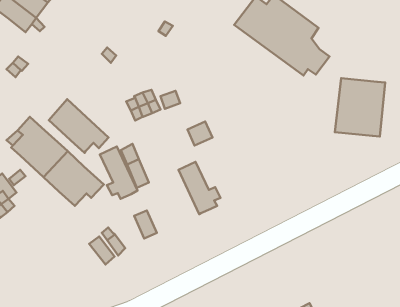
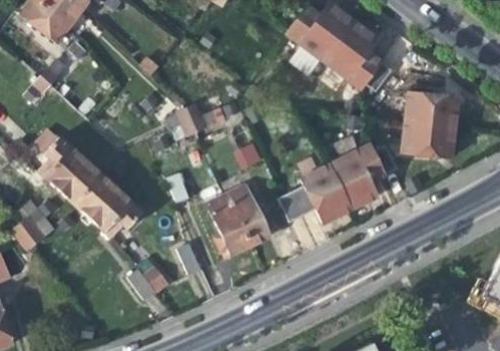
building: [49,99,108,153] -> none
building: none -> [278,145,397,225]
building: [100,146,138,199] -> [206,196,248,254]

